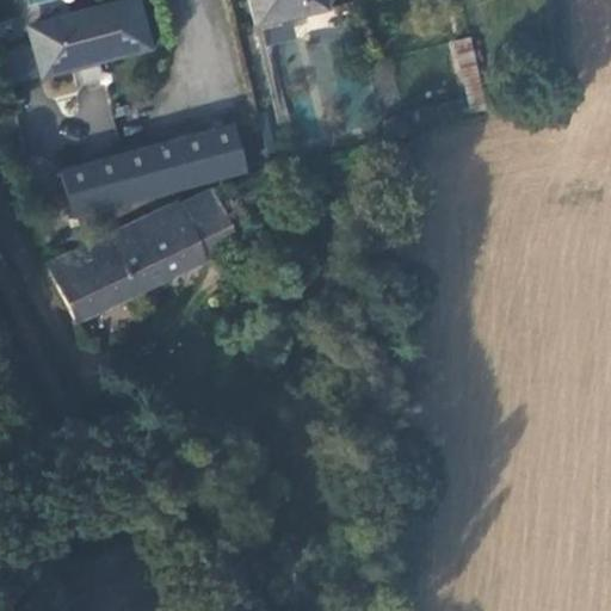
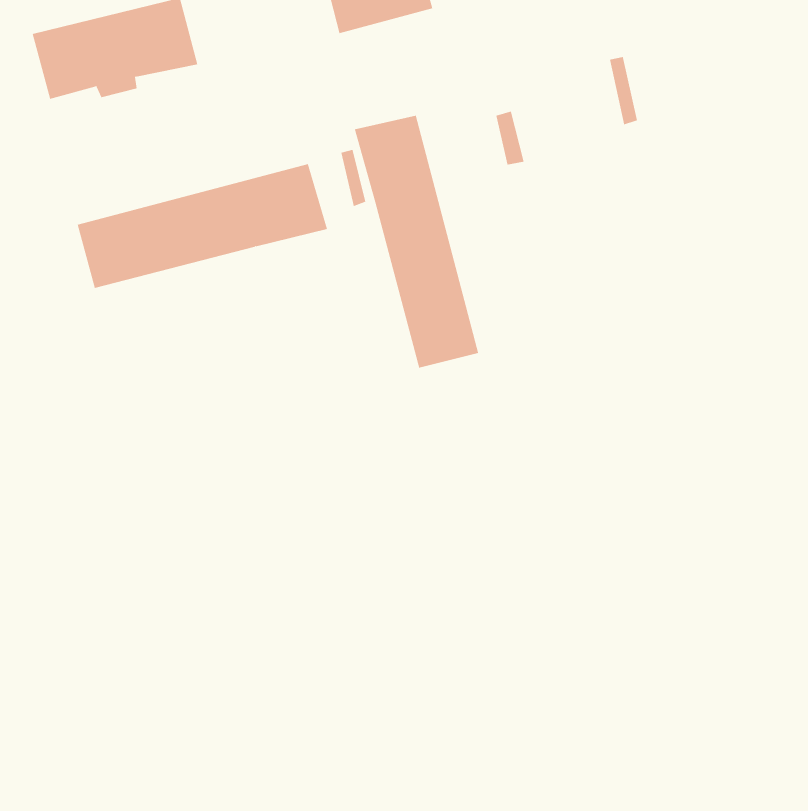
building: none -> [354,115,479,368]
building: [49,187,236,321] -> none

